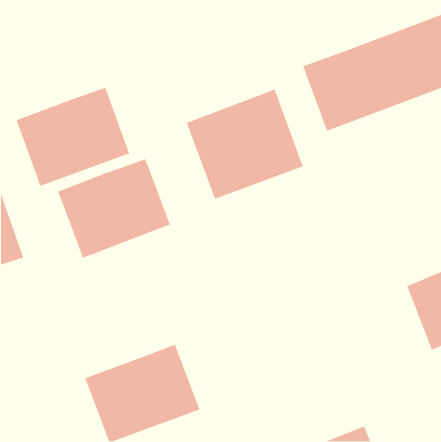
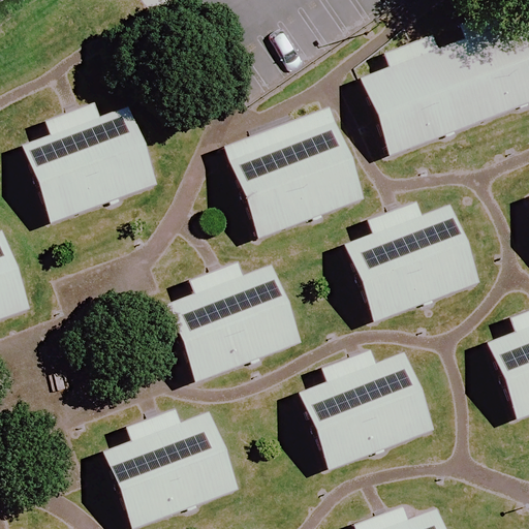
building: [57,158,171,259] -> [166,262,302,382]
building: none -> [344,203,480,321]
building: none -> [299,350,435,470]

